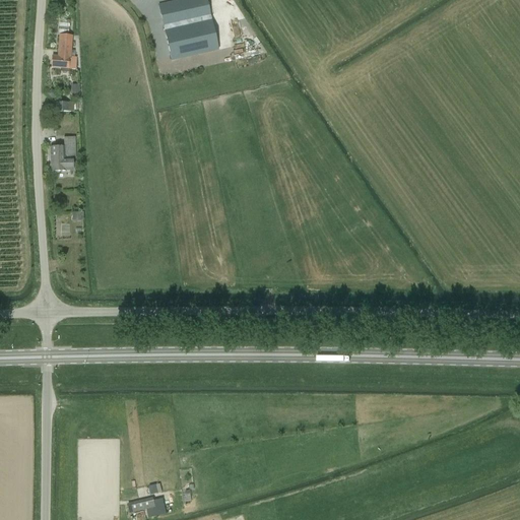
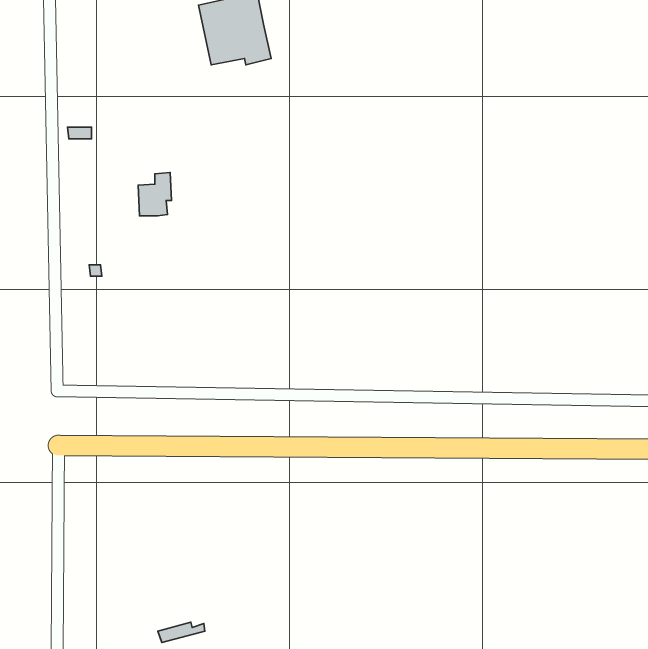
building: [53,36,72,68] -> none
building: [52,136,78,171] -> [138,173,171,216]

